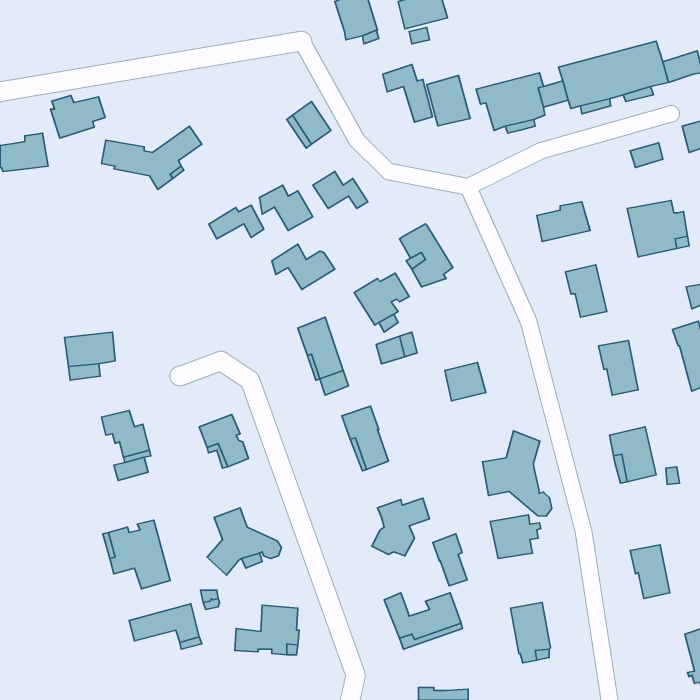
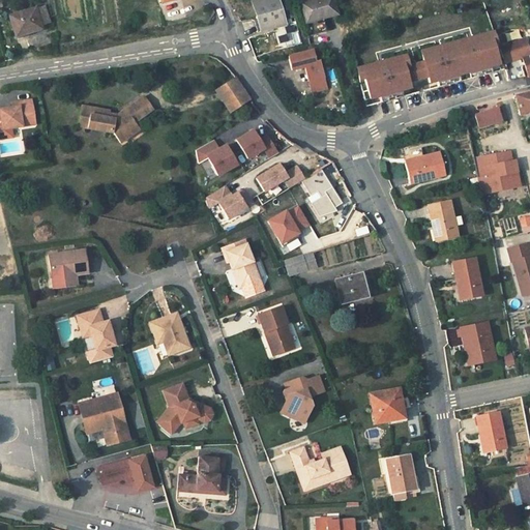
building: [427,76,470,126] -> none
building: [50,96,105,138] -> [9,4,51,36]
building: [209,205,264,239] -> none
building: none -> [257,163,305,190]
building: [482,431,552,516] -> none
building: [433,534,467,586] -> none

